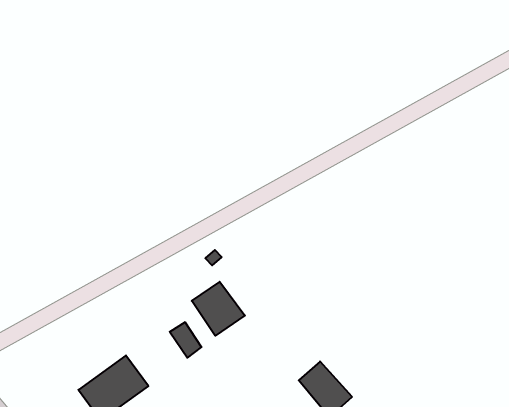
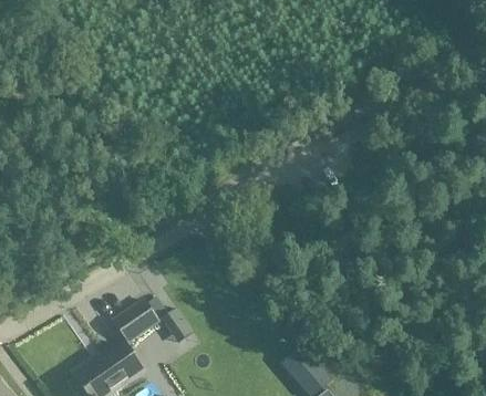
building: [192,282,245,336] -> none
building: none -> [116,303,162,345]

